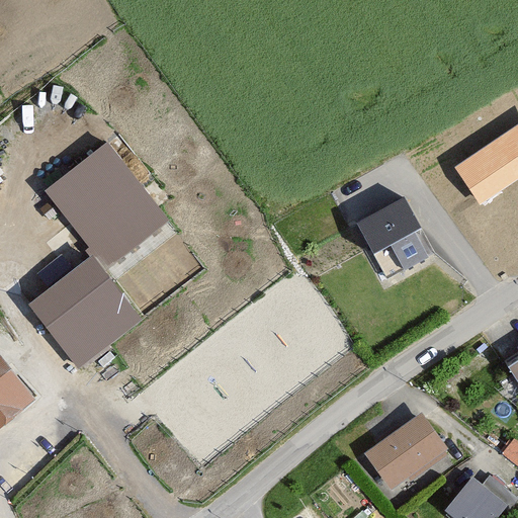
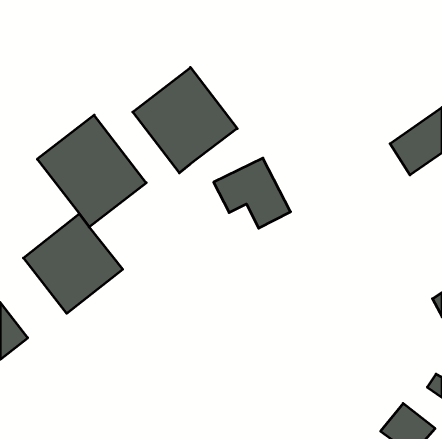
building: none -> [133,67,237,173]
building: [350,194,440,276] -> [214,158,291,228]
building: [360,415,446,493] -> none

